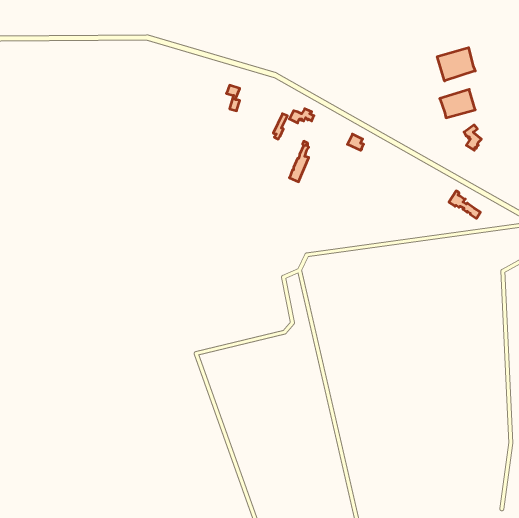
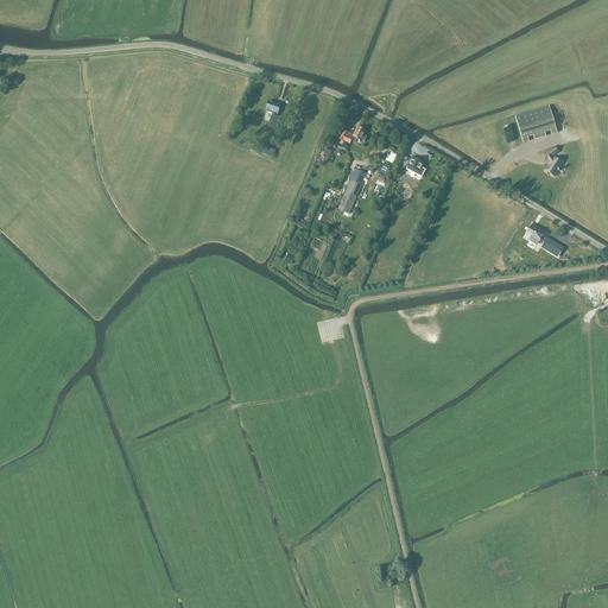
building: [437,48,475,81] -> none

